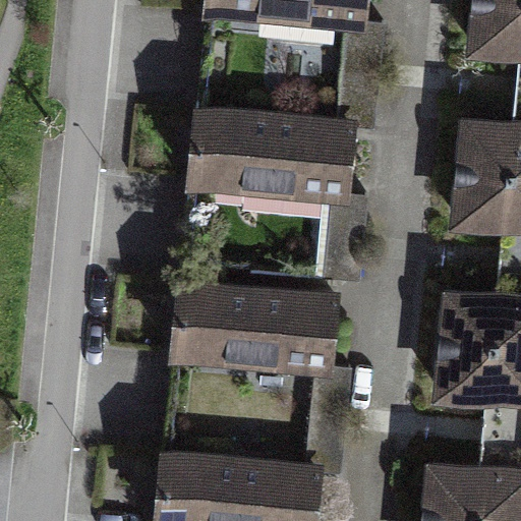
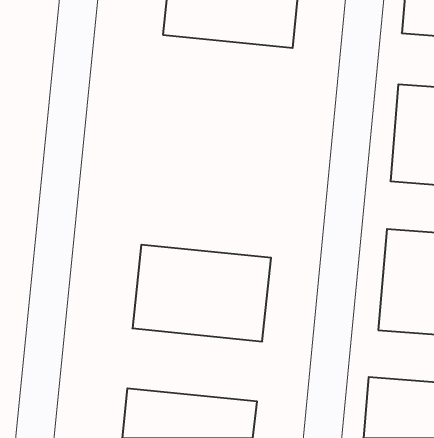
building: [187,107,348,219] -> none

